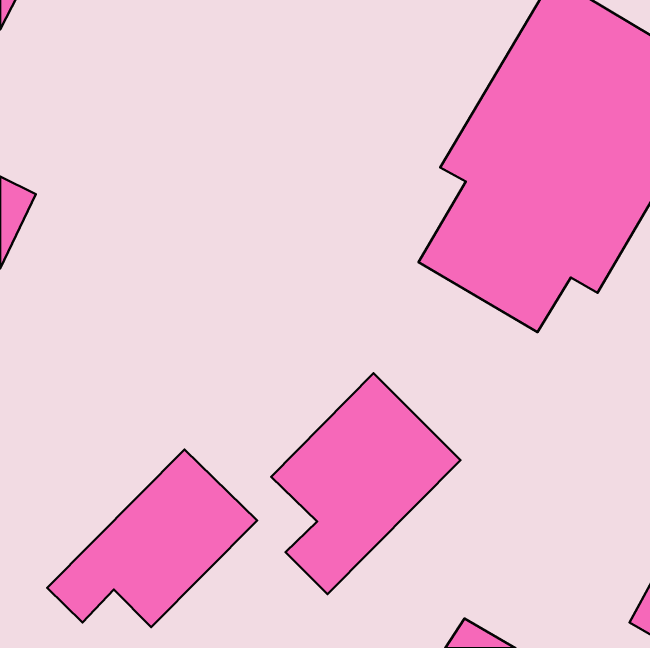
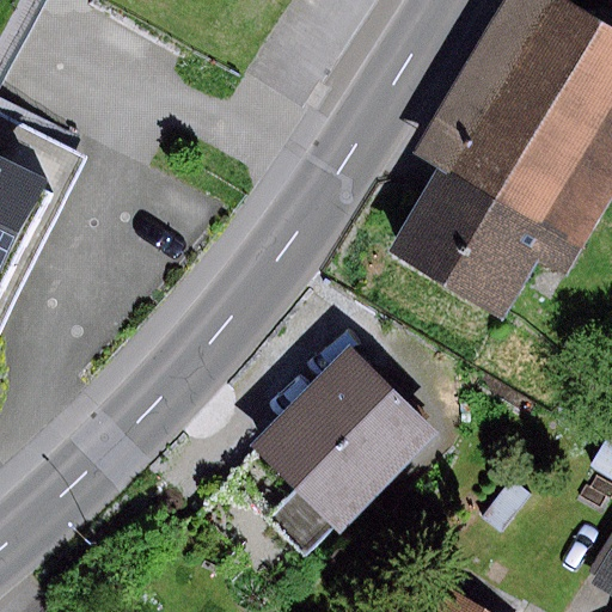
building: [47,449,257,627] -> none

